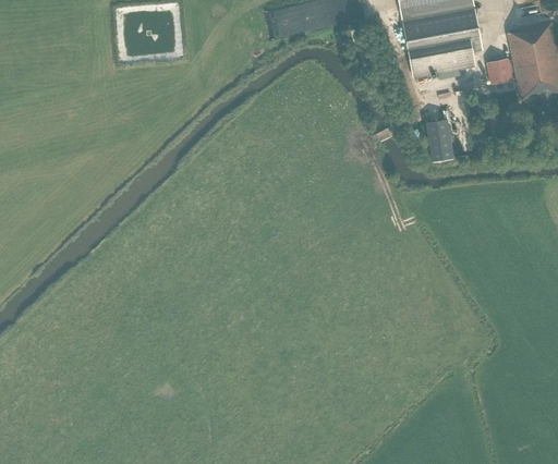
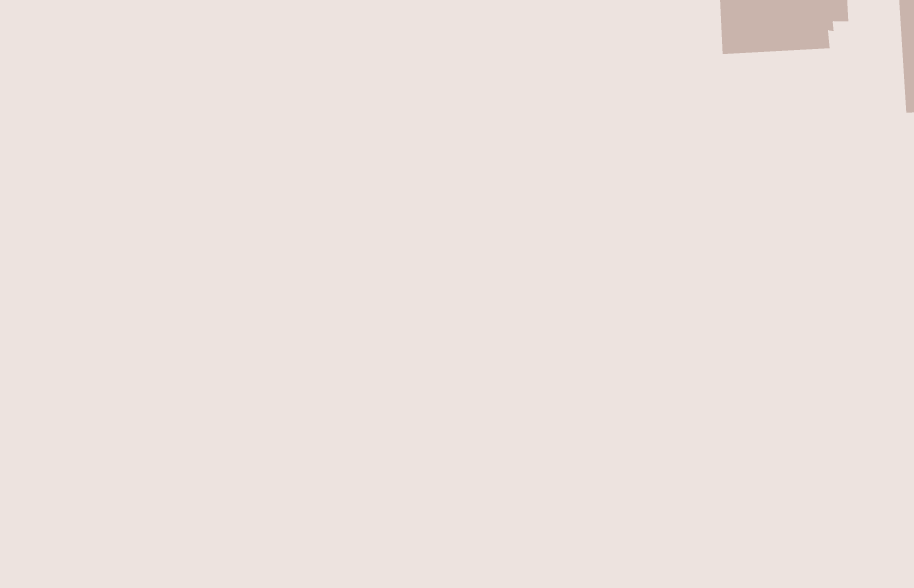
building: [486,59,510,84] -> none
building: [426,119,453,162] -> none

